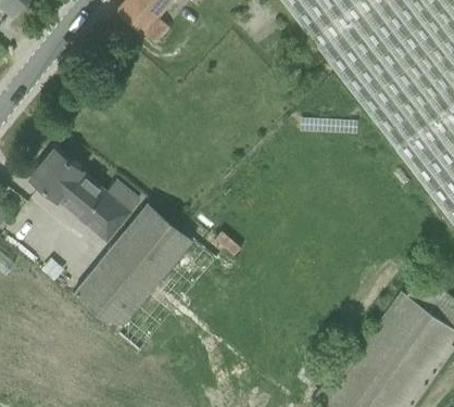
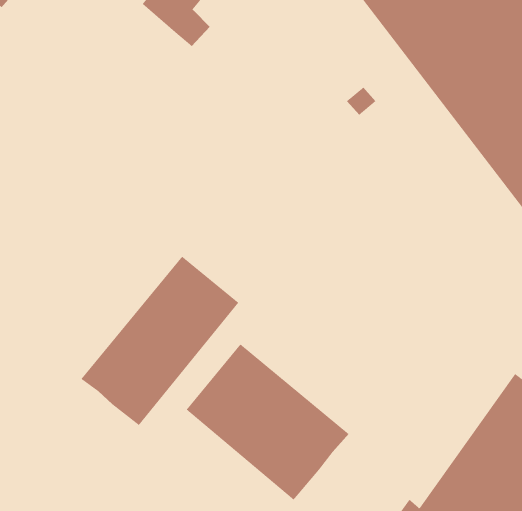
building: [31,145,133,239] -> none
building: none -> [186,344,350,500]

